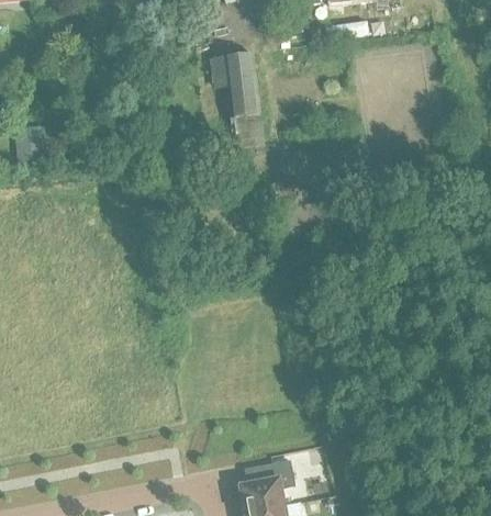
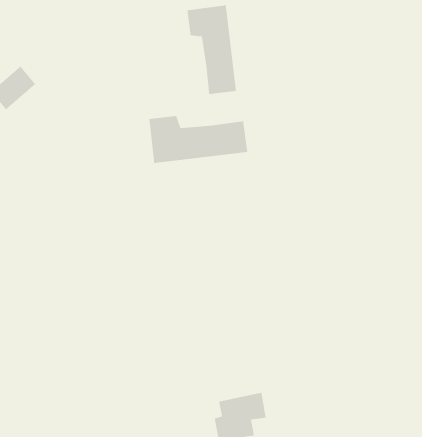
building: none -> [148,115,248,164]

